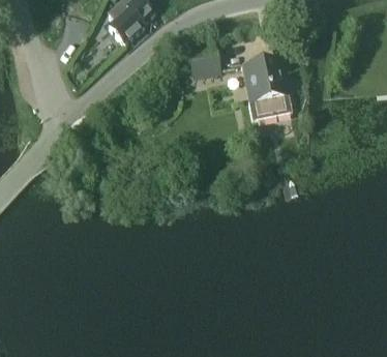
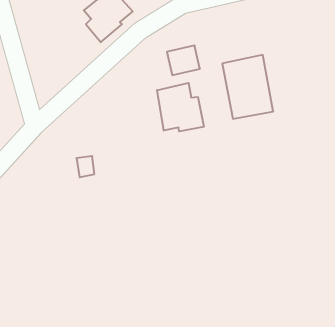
building: none -> [157,83,204,131]

